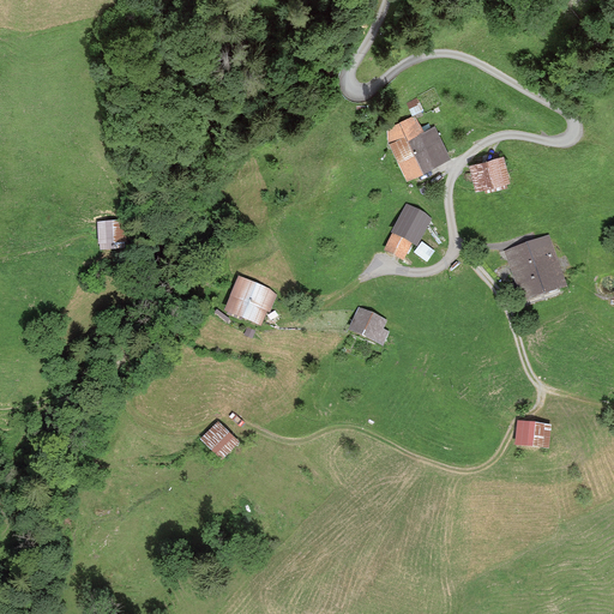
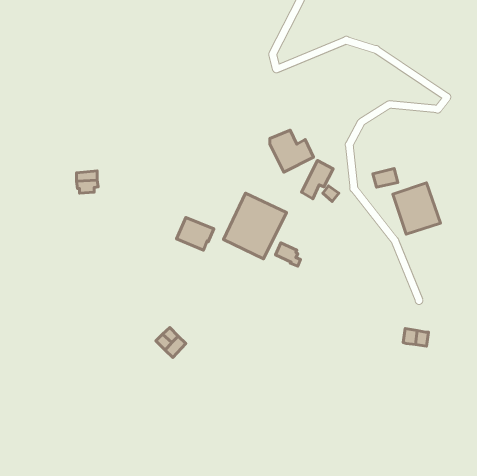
building: [389,116,445,170] -> [270,130,314,172]
building: [471,159,504,183] -> [373,168,398,187]
building: none -> [223,193,287,259]

